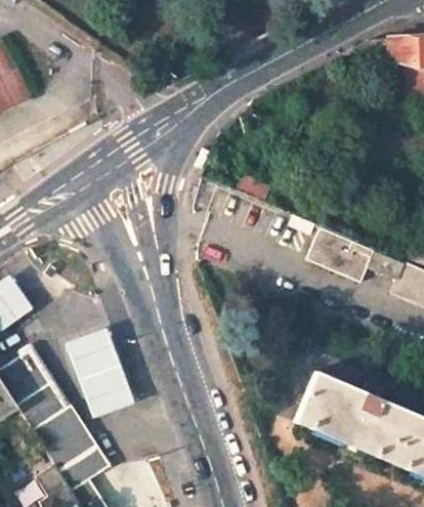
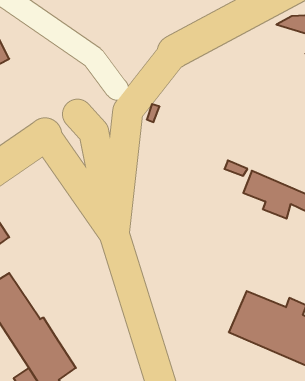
building: [65,327,132,416] -> none

